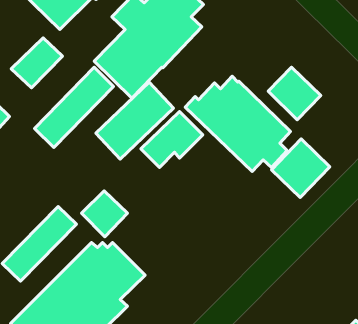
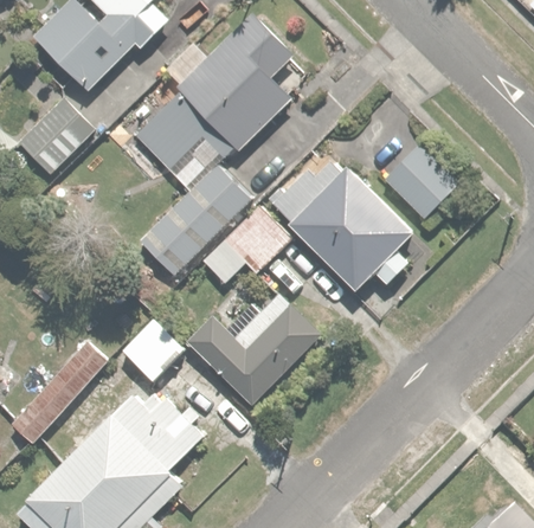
building: [35,67,113,148] -> none
building: [271,139,330,198] -> none
building: none -> [186,291,324,410]

